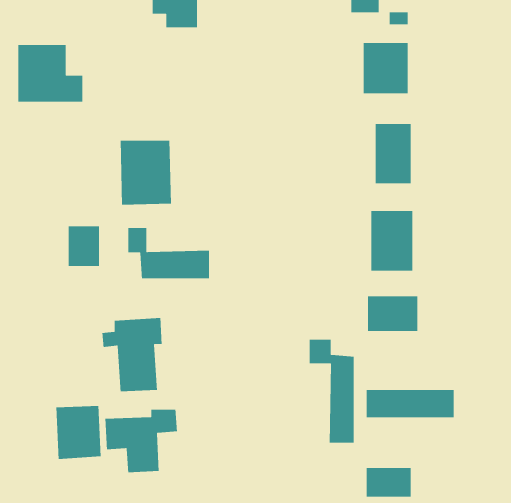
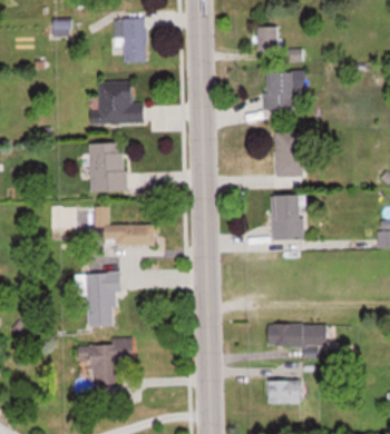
building: [18,44,83,102] -> [96,81,144,124]
building: [367,296,418,332] -> none
building: [309,339,354,444] -> none
building: [55,405,102,460] -> none

